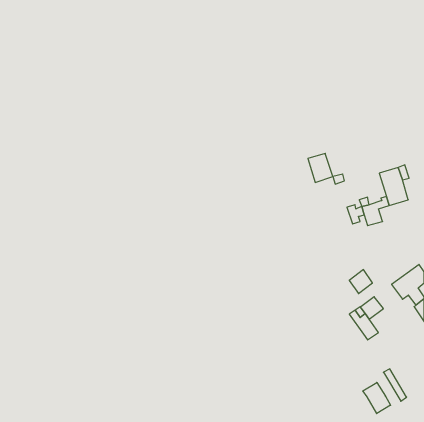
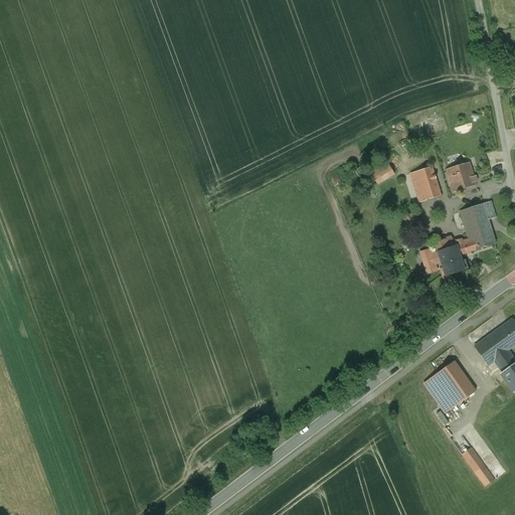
building: none -> [447,162,476,190]
building: [308,153,333,182] -> [410,166,441,201]
building: [349,270,372,294] -> [448,374,476,403]
building: [363,382,391,414] -> none

